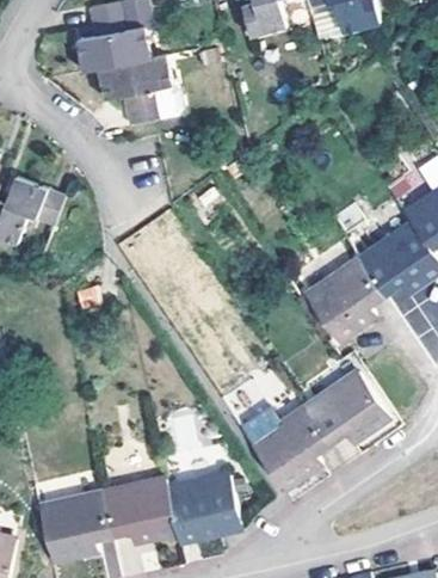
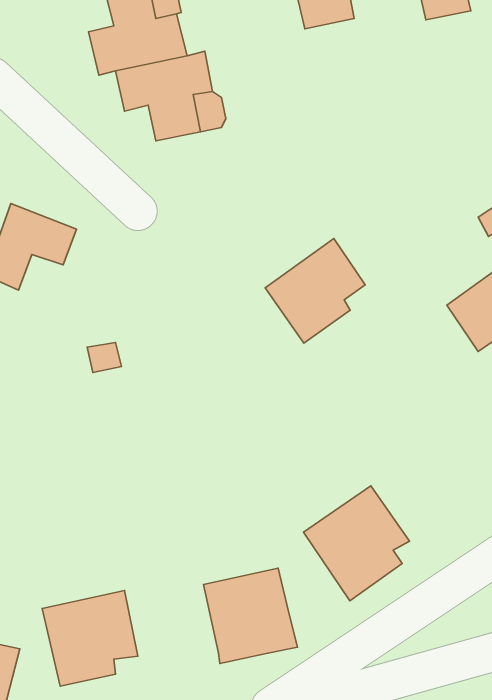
building: [306,258,385,342] -> [265,239,365,343]
building: [300,365,391,447] -> none
building: [103,472,178,546] -> none

